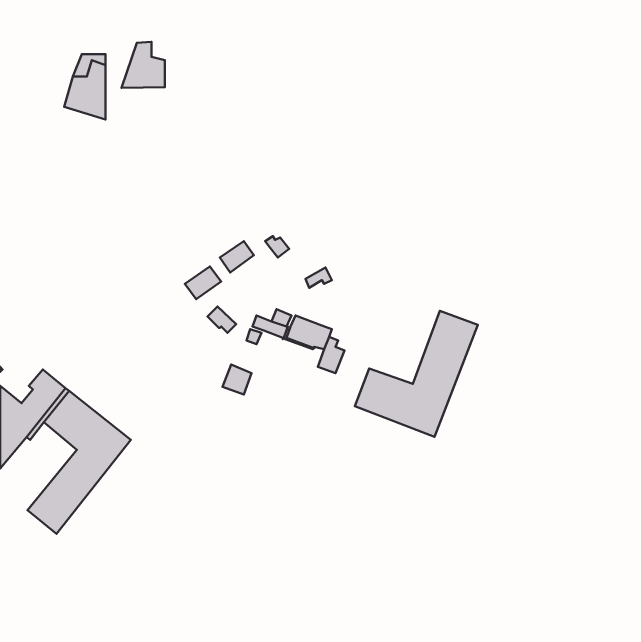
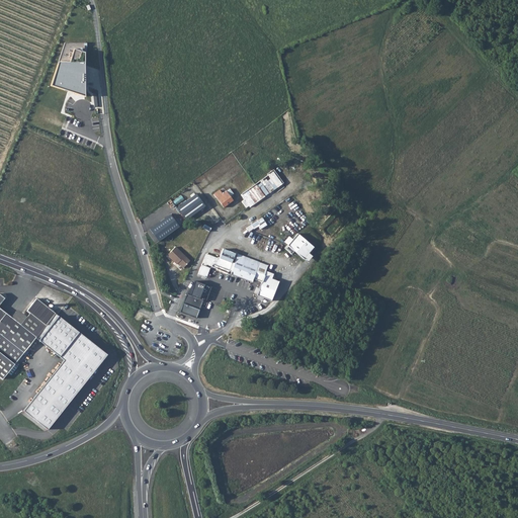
building: [121,42,165,88] -> none
building: none -> [242,171,283,206]
building: none -> [287,234,314,262]
building: [355,311,478,437] -> none

